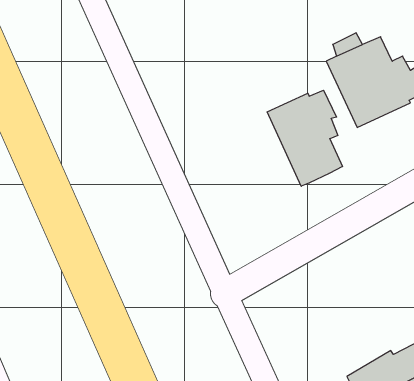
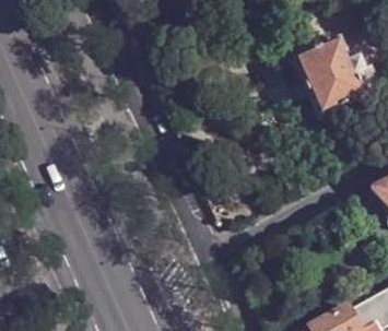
building: [267,90,342,186] -> none

